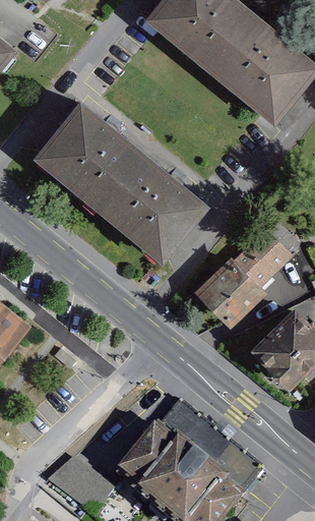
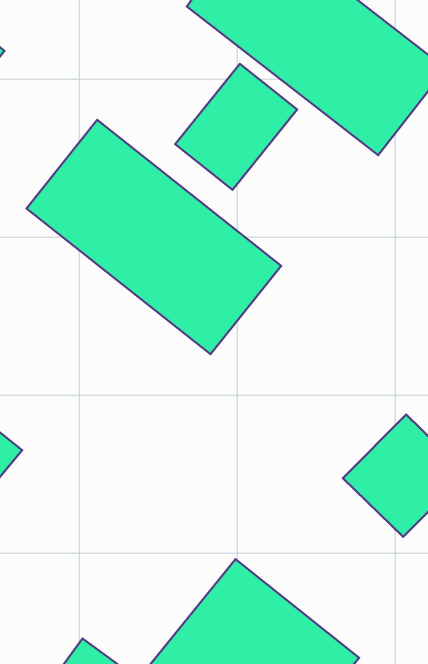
building: none -> [175,64,297,190]
building: [193,222,294,324] -> none

